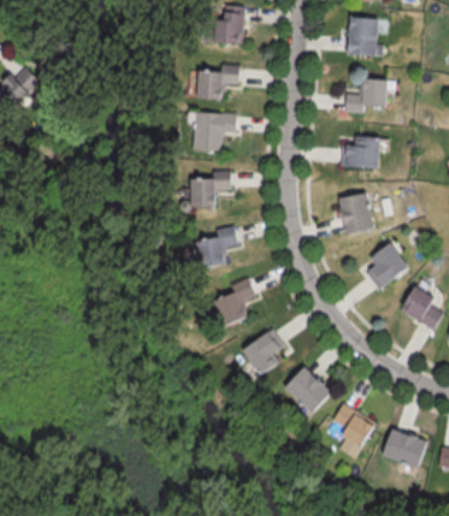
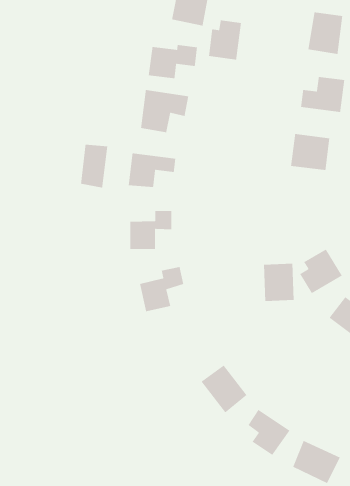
building: none -> [208,20,242,60]
building: none -> [80,144,108,188]
building: [338,194,373,235] -> [263,263,295,302]
building: [244,331,285,366] -> none

